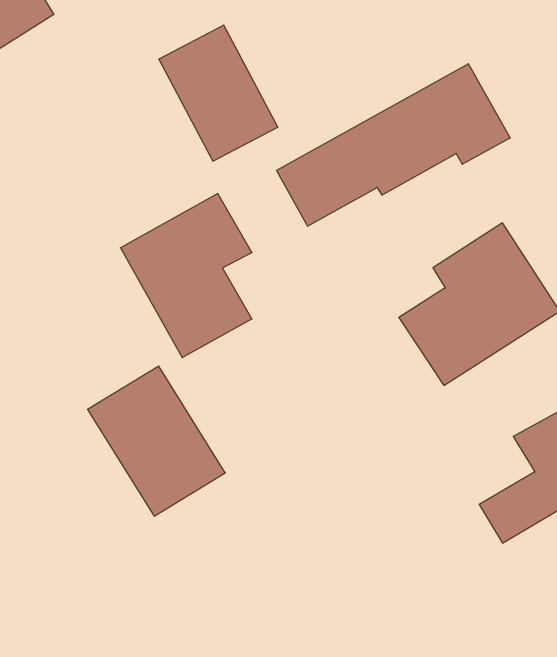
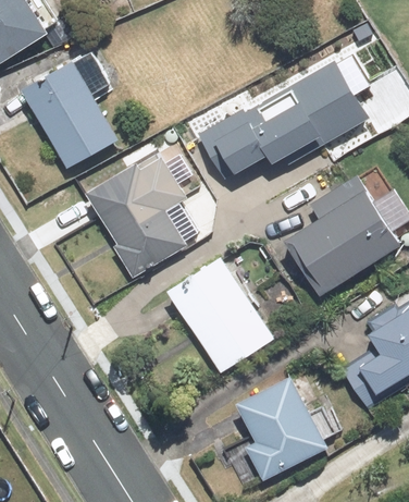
building: [159,25,278,161] -> [26,68,110,163]
building: [88,366,225,516] -> [171,264,268,369]
building: none -> [239,381,322,476]

